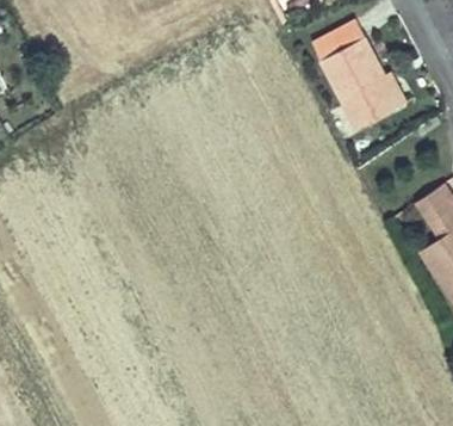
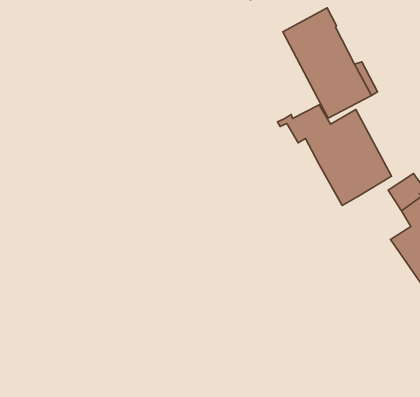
building: none -> [278,105,391,206]

